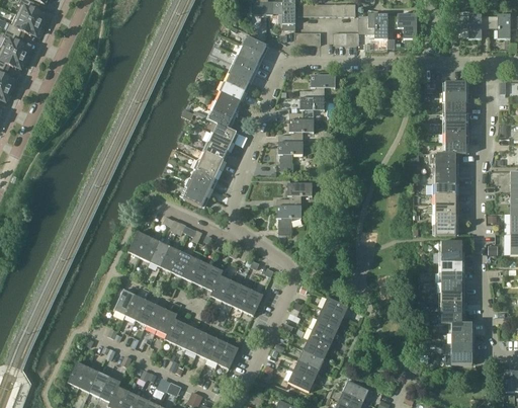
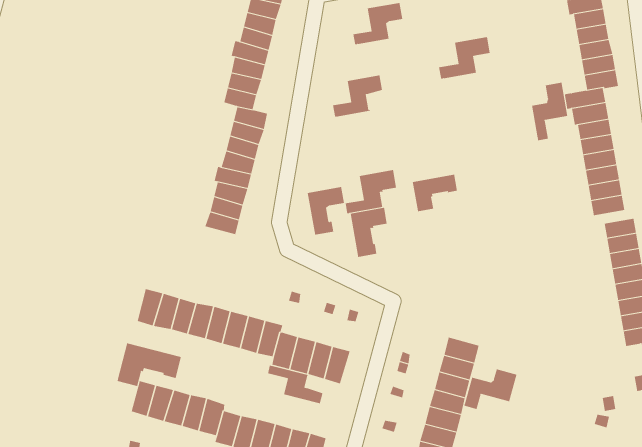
building: [289,96,325,119] -> [438,35,491,79]
building: [280,142,304,170] -> [307,187,345,235]
building: none -> [532,82,568,141]
building: none -> [412,174,458,212]
building: none -> [117,342,181,387]
building: none -> [267,365,323,404]
building: none -> [464,368,517,410]

